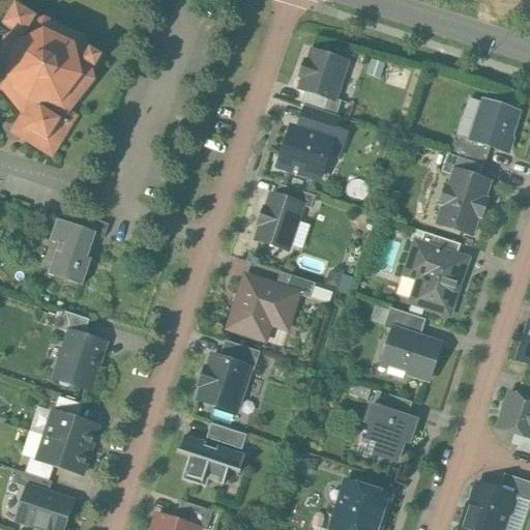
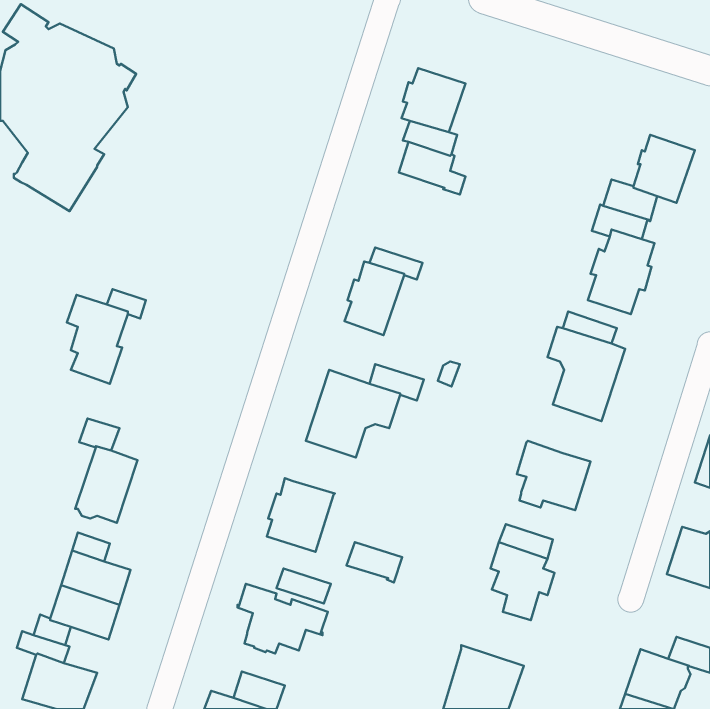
building: [278,127,331,179] -> none
building: [383,307,425,337] -> none
building: [218,341,260,371] -> [346,542,402,582]

